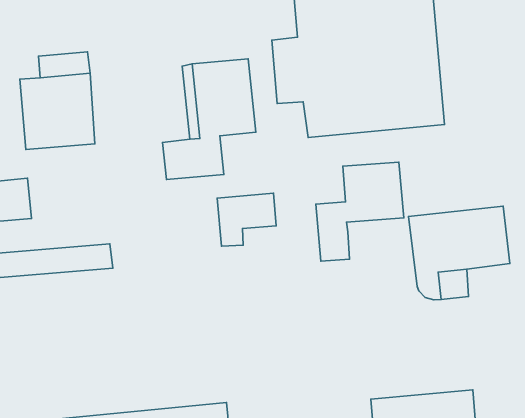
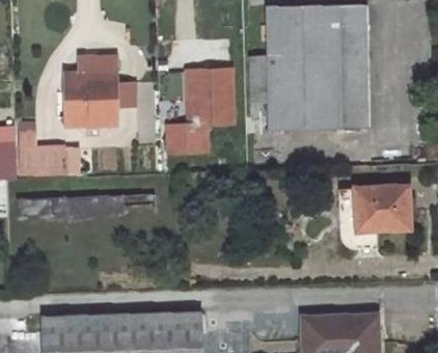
building: [316,162,404,261] -> none
building: [217,193,276,246] -> none

